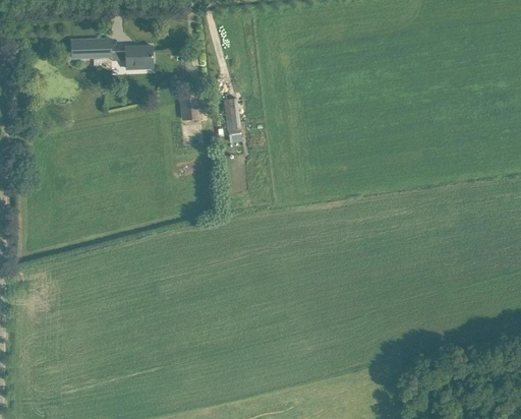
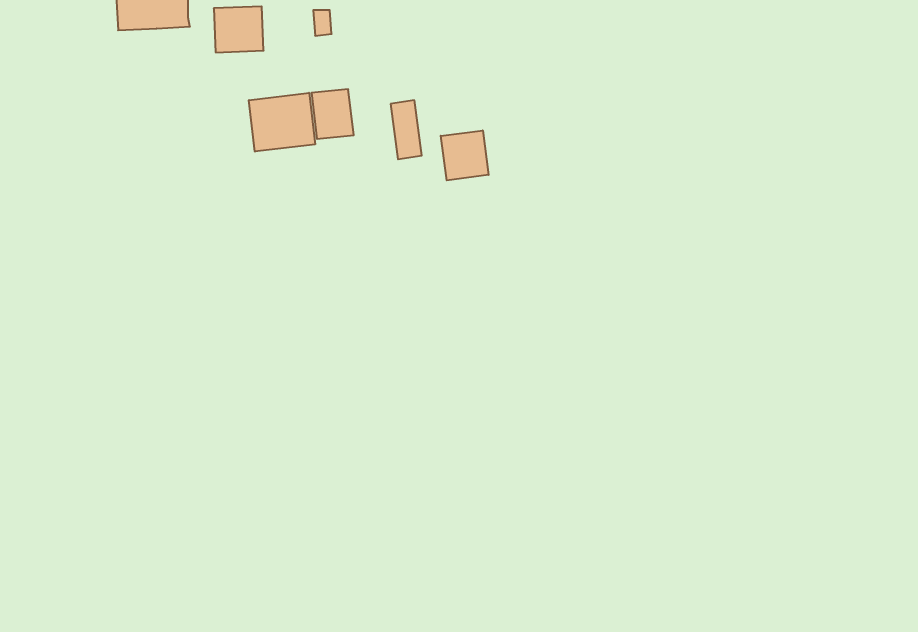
building: none -> [249,93,315,152]
building: none -> [441,130,489,180]

